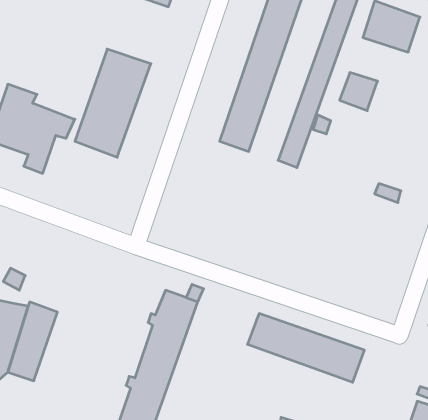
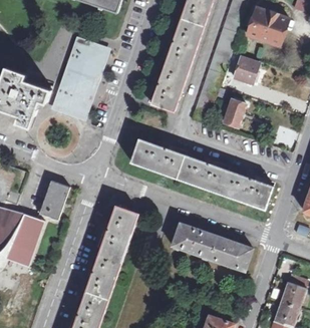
building: none -> [222,98,246,126]
building: none -> [131,141,273,209]
building: none -> [38,181,68,219]

